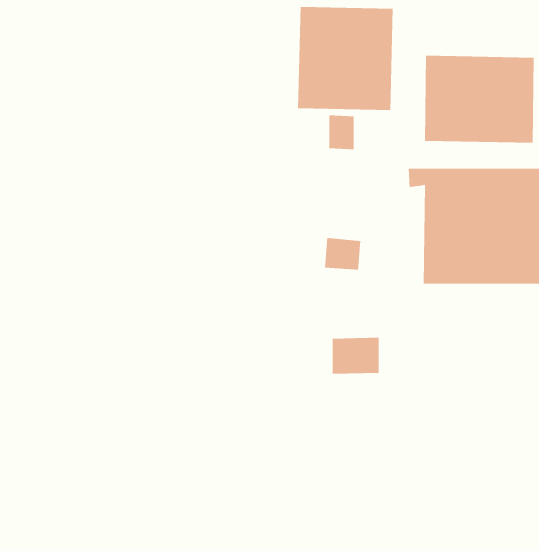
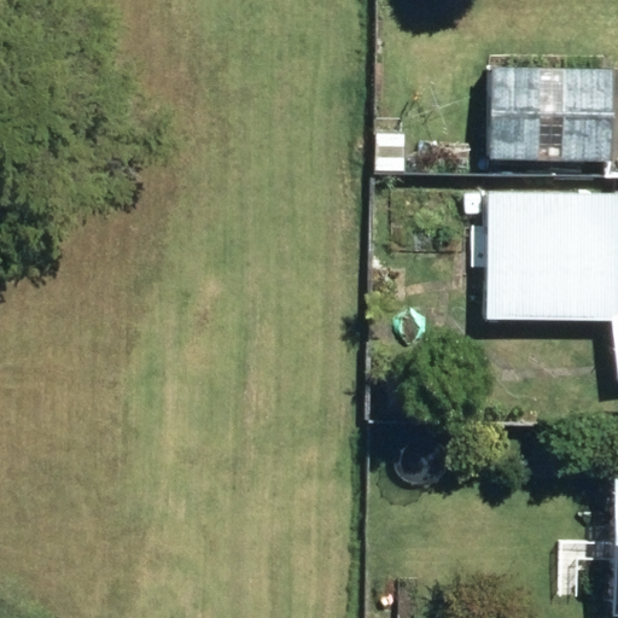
building: [298,6,393,111] -> none

